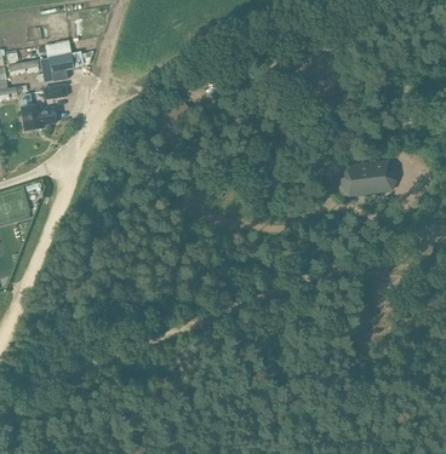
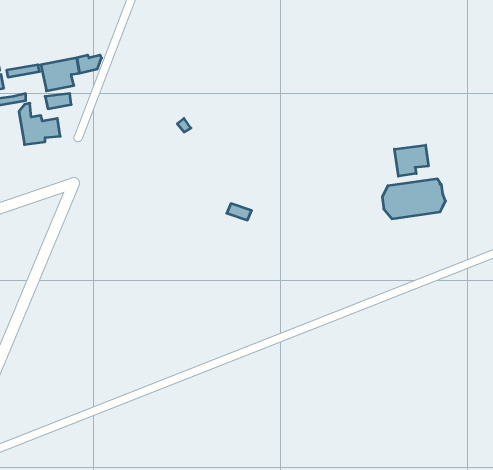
building: none -> [394,145,428,176]

